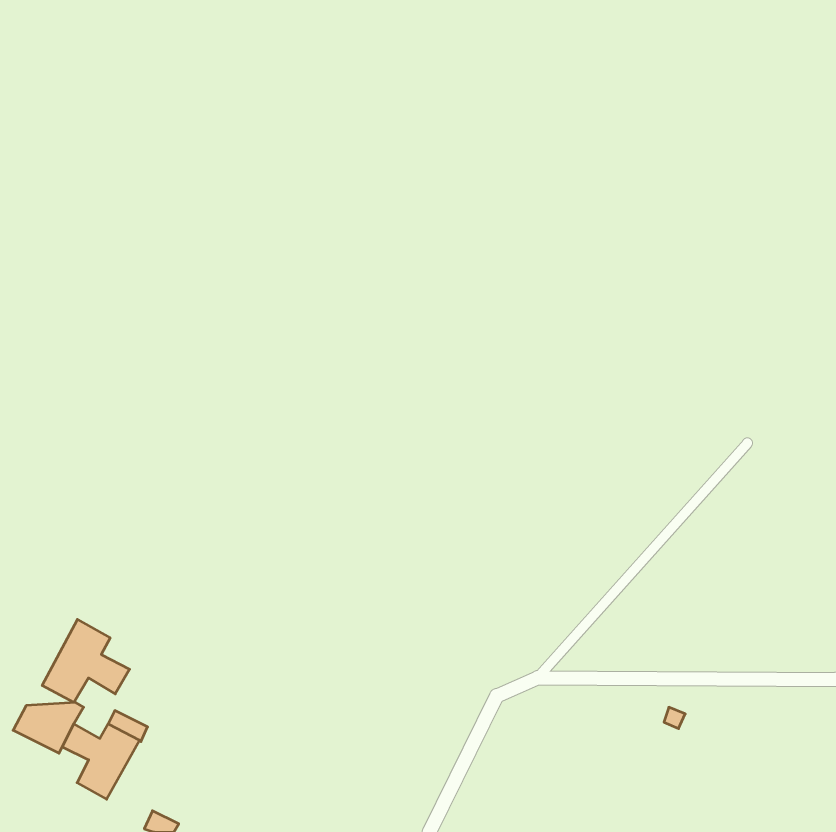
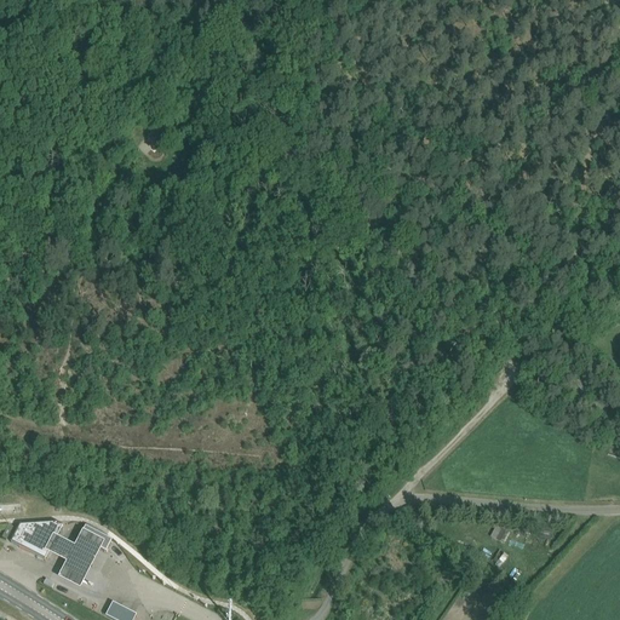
building: [42,619,130,702] -> none

